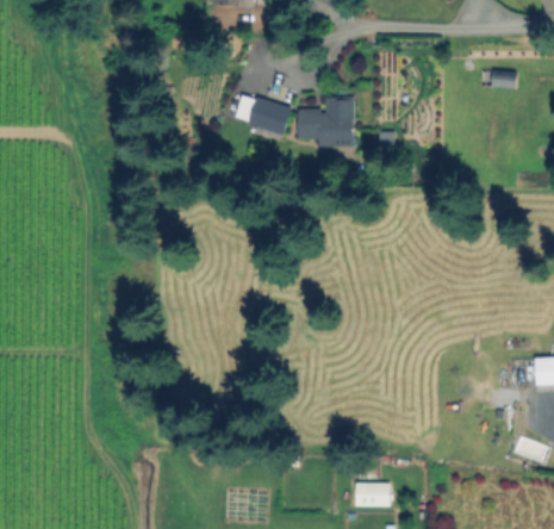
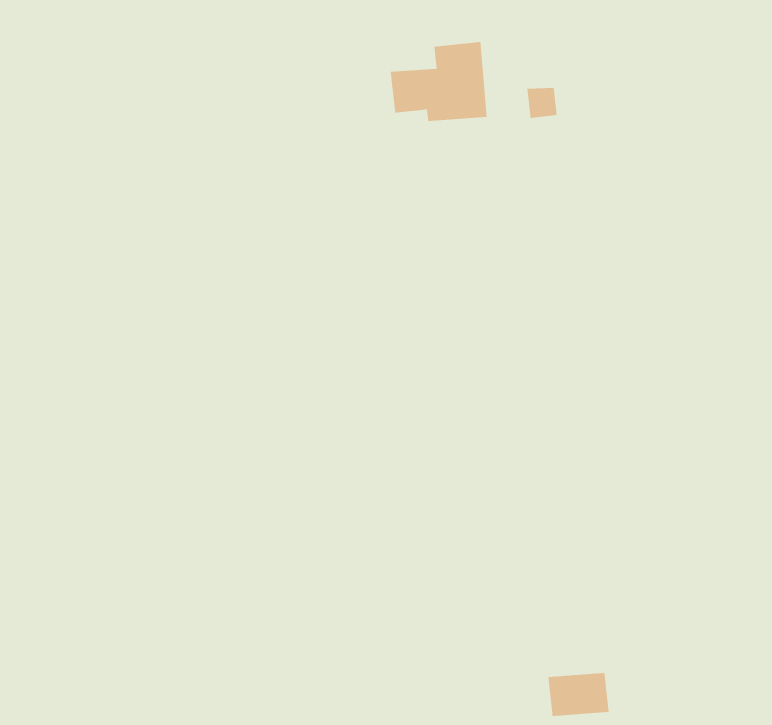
building: [235,92,293,136] -> none

